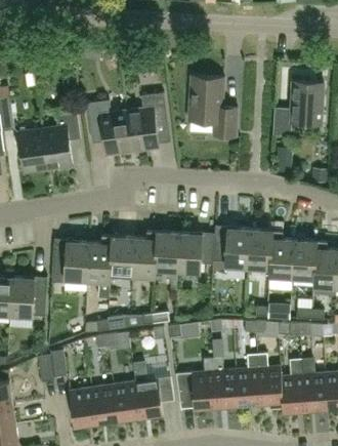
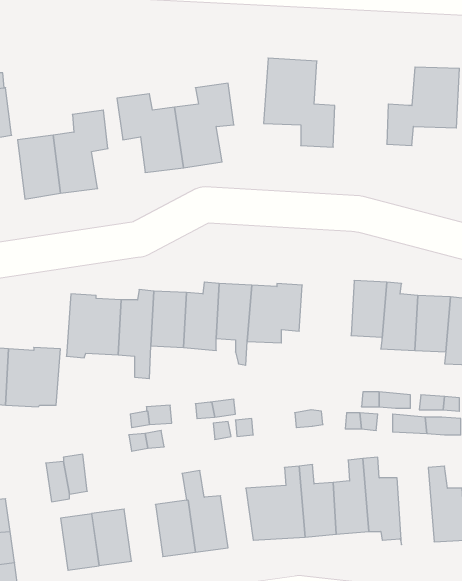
building: [213,226,251,272] -> none
building: [281,359,306,412] -> none
building: [92,384,119,423] -> [61,514,99,570]

